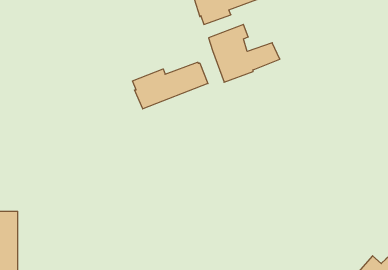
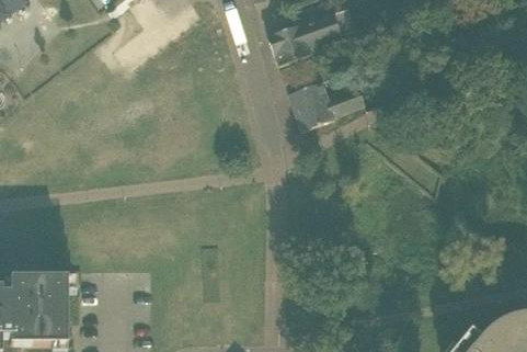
building: [132,62,208,109] -> none

